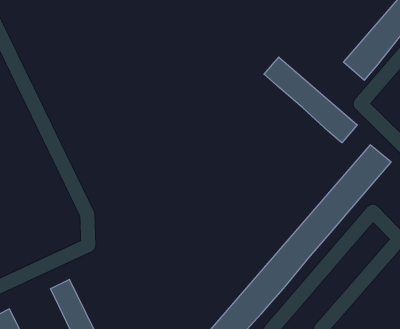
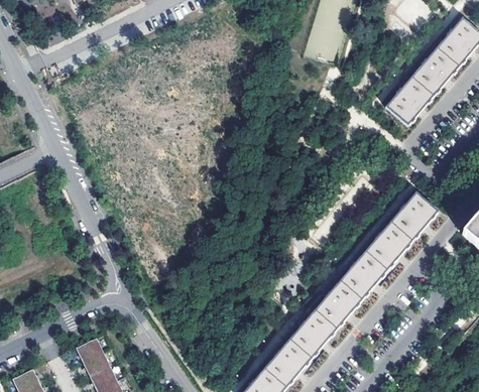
building: [264,57,357,143] -> none

